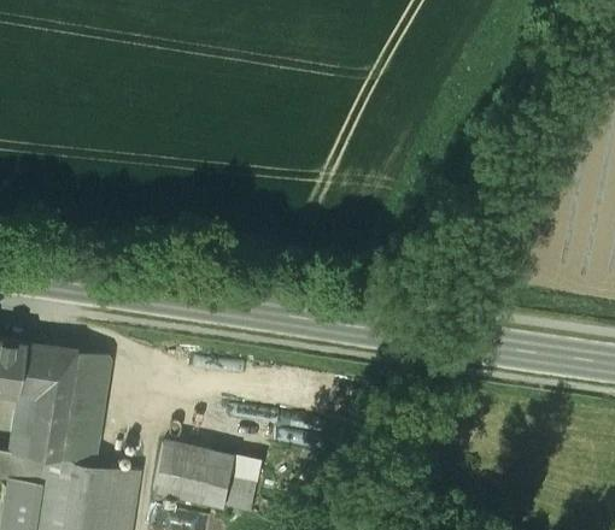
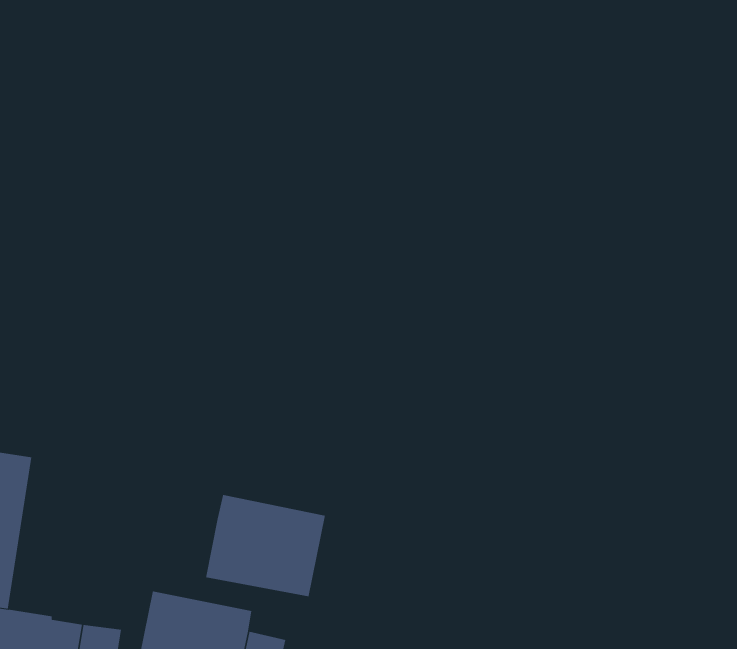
building: [60,349,109,463] -> none
building: none -> [205,494,326,597]

